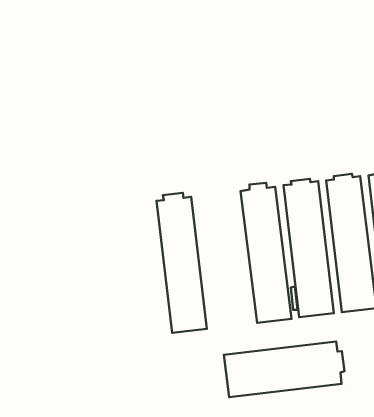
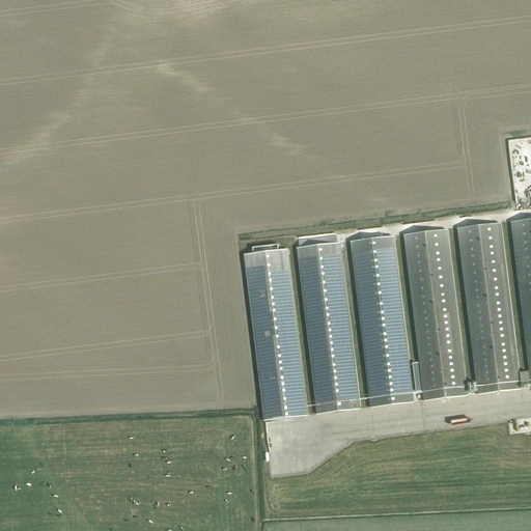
building: none -> [297,233,360,413]
building: [224,342,345,397] -> none

